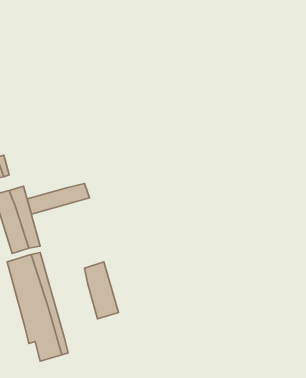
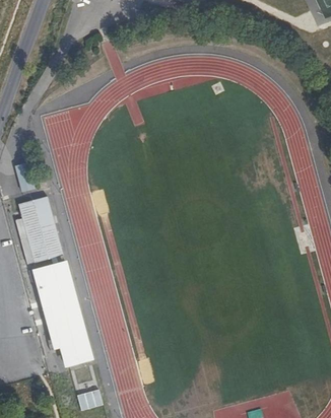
building: [27,184,89,214] -> none
building: [85,262,118,319] -> none

